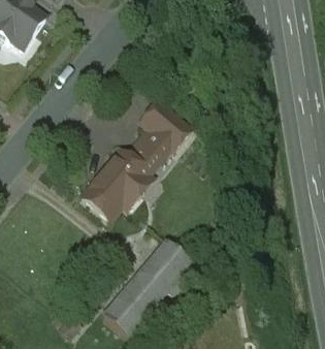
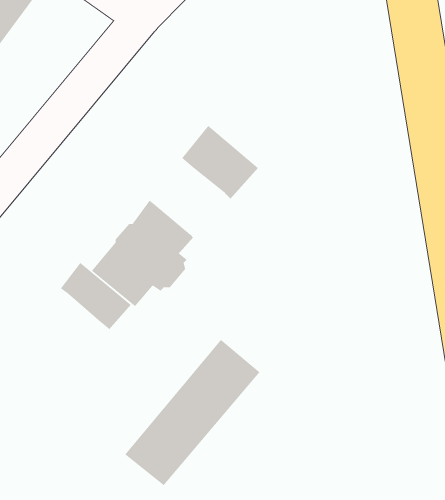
building: [125,129,167,172] -> none
building: none -> [60,262,132,330]

